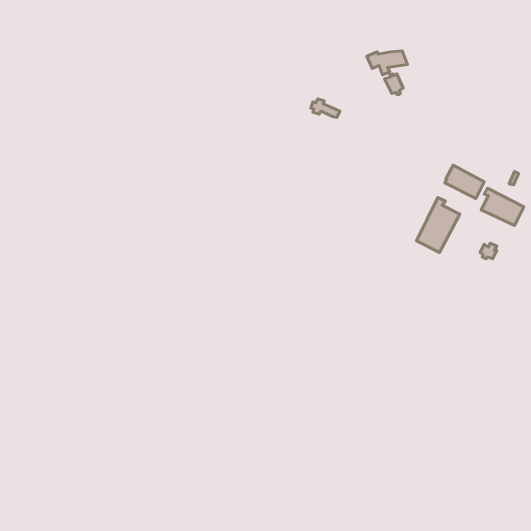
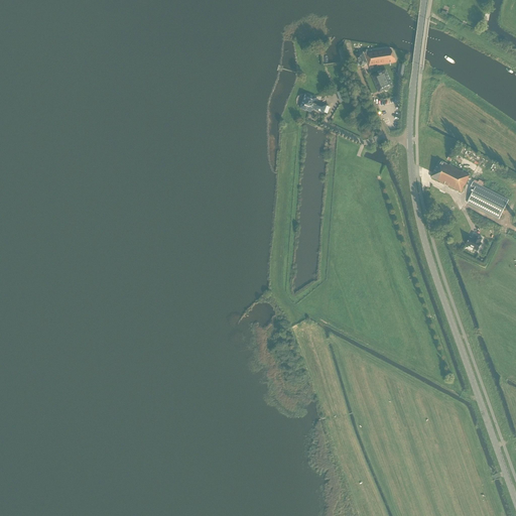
building: [417,197,460,252] -> none

